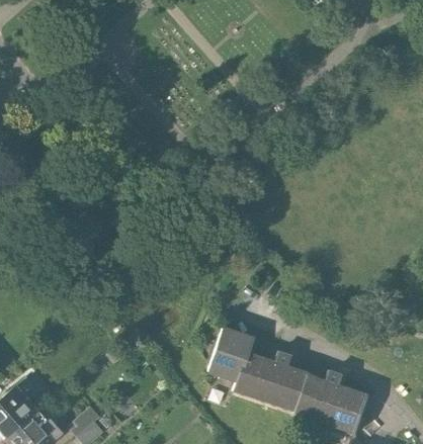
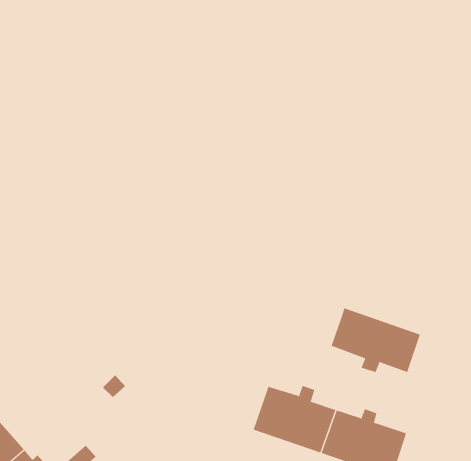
building: none -> [331,307,421,373]
building: [207,328,252,382] -> none

